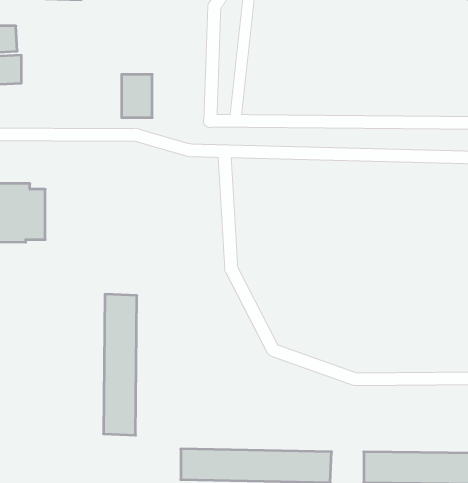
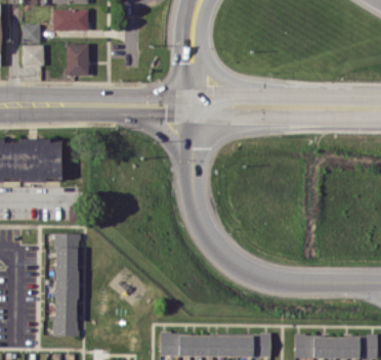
building: none -> [53,9,88,31]
building: [122,74,152,118] -> [67,44,89,76]
building: [103,294,137,435] -> [54,233,79,336]

